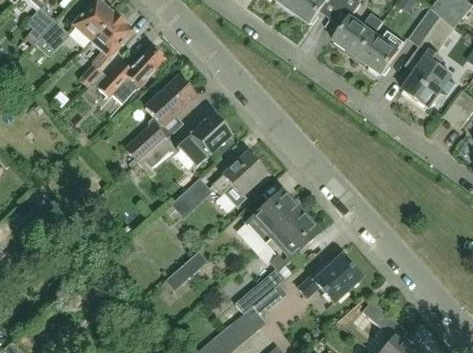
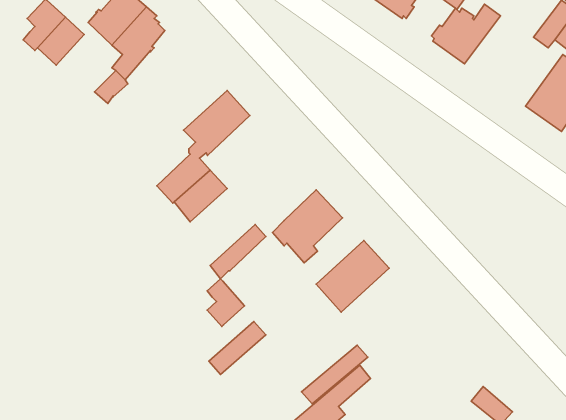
building: [357,31,404,74] -> none
building: [97,46,163,103] -> none
building: [176,114,235,168] -> none
building: [264,211,320,270] -> none
building: none -> [207,279,245,326]
building: [298,255,361,302] -> none

